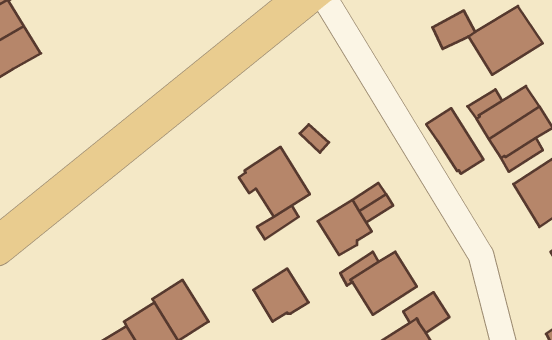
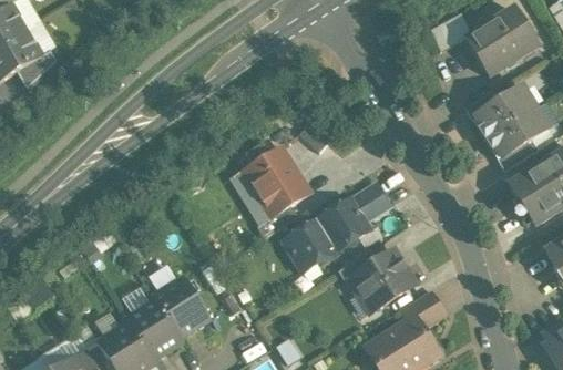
building: none -> [17,49,57,86]
building: [426,108,483,174] -> none
building: [253,269,309,322] -> [284,219,338,271]

